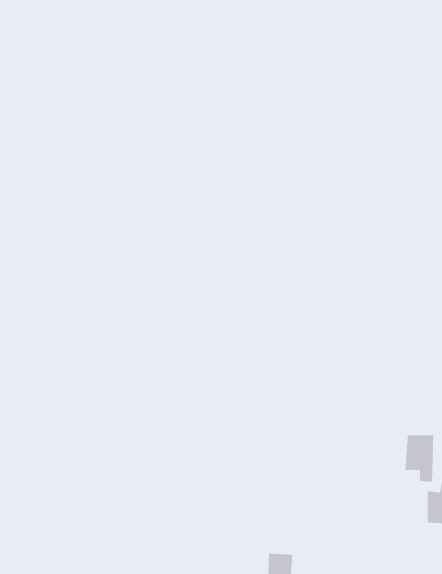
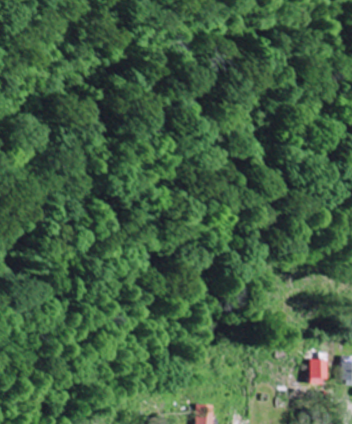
building: [405,435,434,482] -> none

